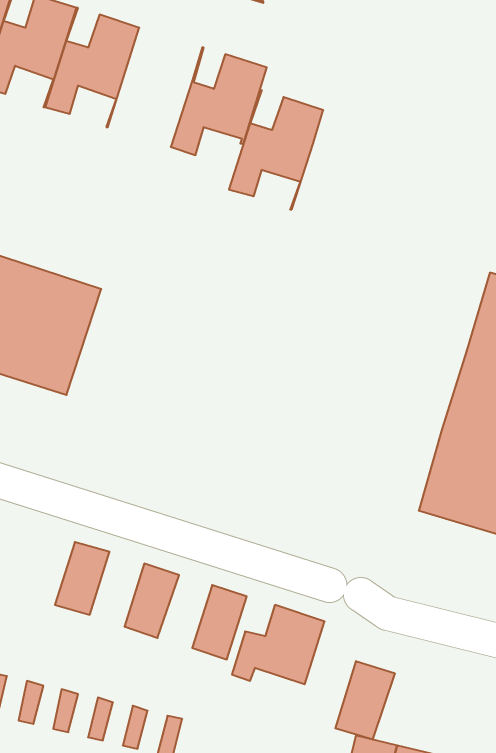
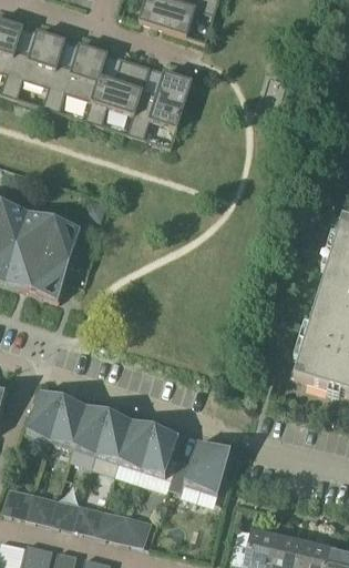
building: [229,90,323,209] -> [85,52,148,132]
building: none -> [27,389,63,439]
building: none -> [73,404,110,454]
building: none -> [119,419,155,468]
building: [335,661,395,740] -> none

